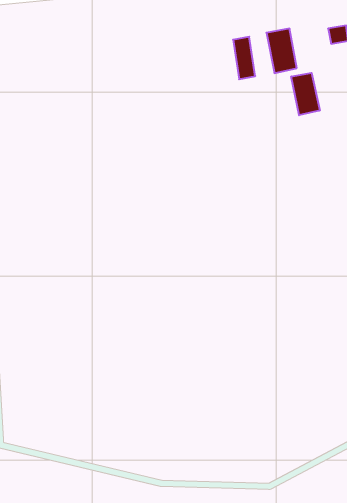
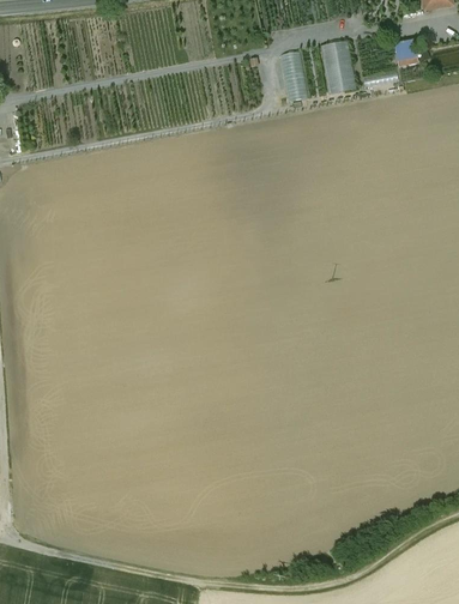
building: [291,73,320,115] -> none

